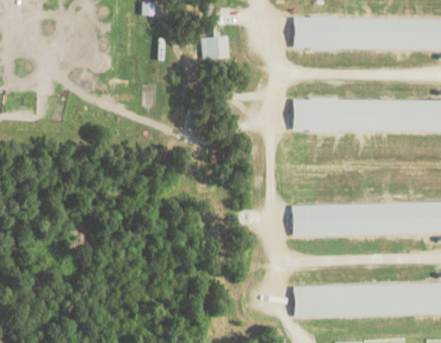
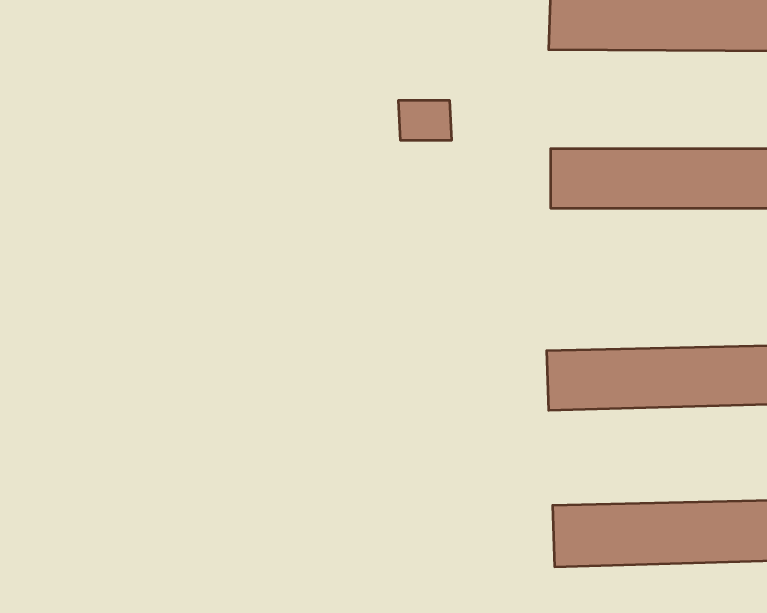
building: [201,37,229,58] -> [398,101,452,140]

